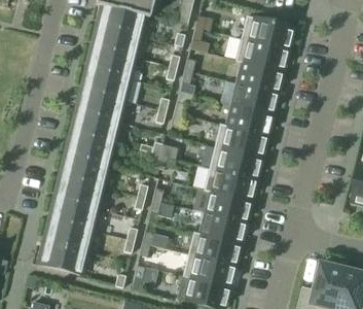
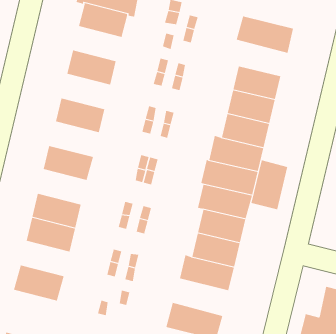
building: [93,25,138,57] -> none
building: [235,37,288,70] -> none
building: [82,68,128,100] -> none
building: [71,111,117,143] -> none
building: none -> [251,160,288,210]
building: [61,154,106,186] -> none
building: [45,219,90,251] -> none
building: [183,253,234,287] -> none

